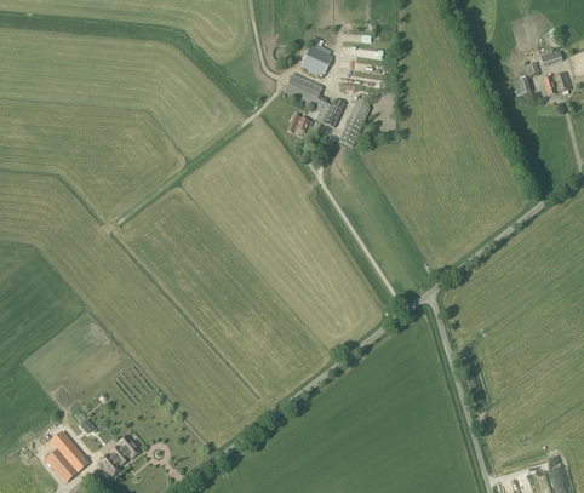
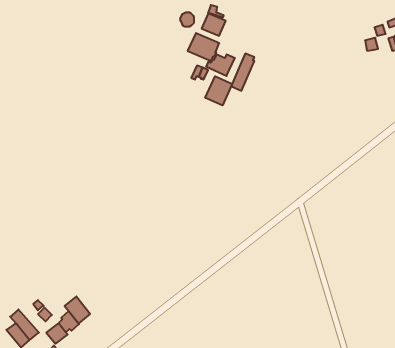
building: none -> [205,76,232,105]
building: none -> [65,296,90,323]

